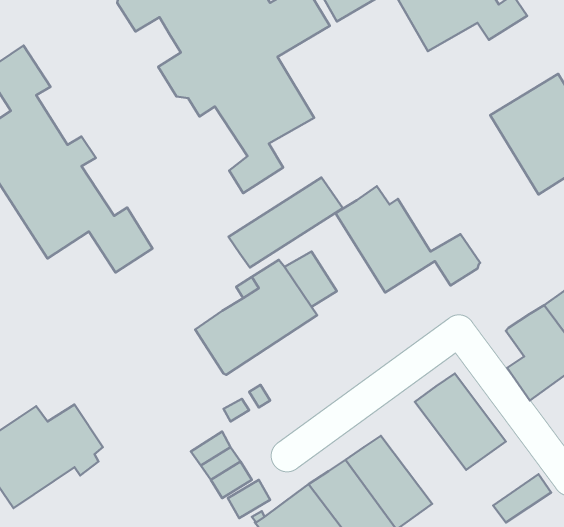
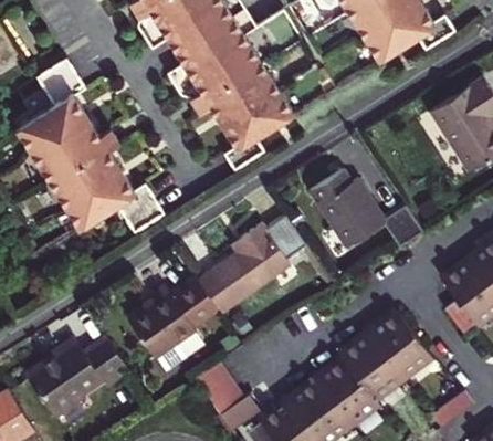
building: [228,177,343,268] -> none
building: none -> [130,274,219,377]
building: none -> [338,335,408,414]

